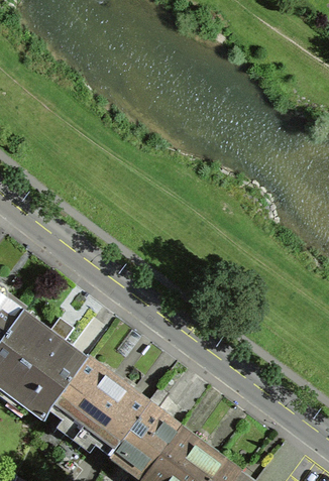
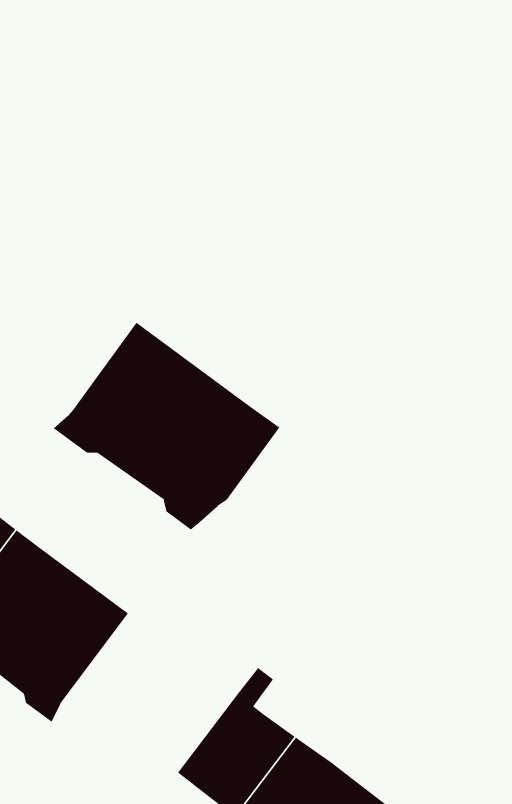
building: none -> [53,322,280,530]
building: [46,358,146,456] -> none

